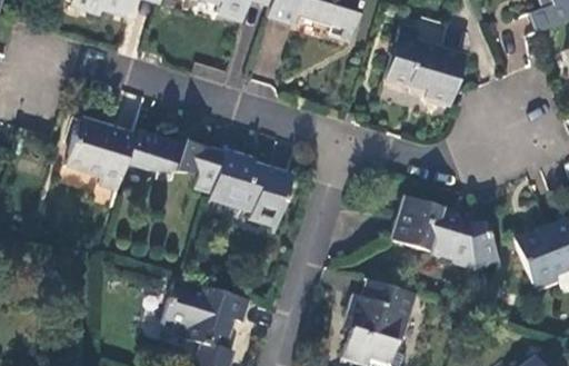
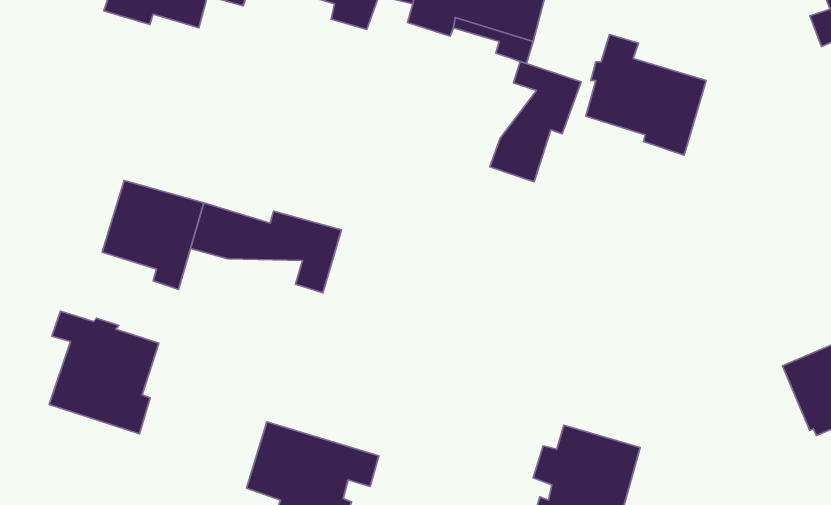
building: none -> [490,61,581,182]
building: [212,149,292,222] -> none
building: [391,196,497,264] -> none
building: none -> [49,311,159,434]

